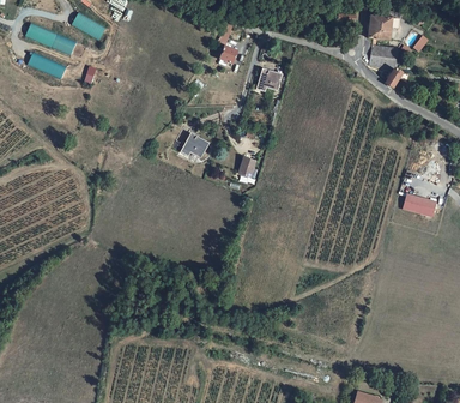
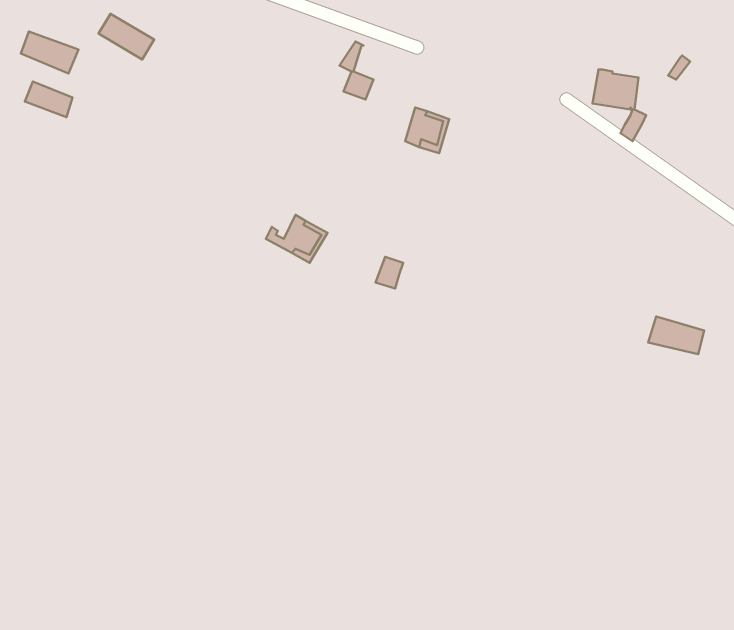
building: [368,16,399,40] -> none

